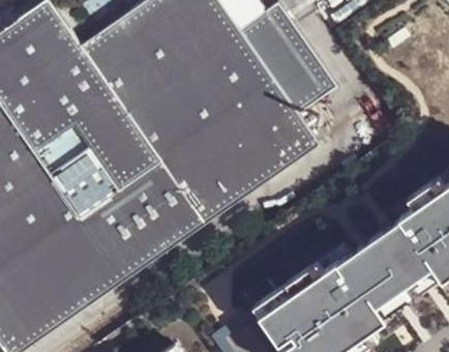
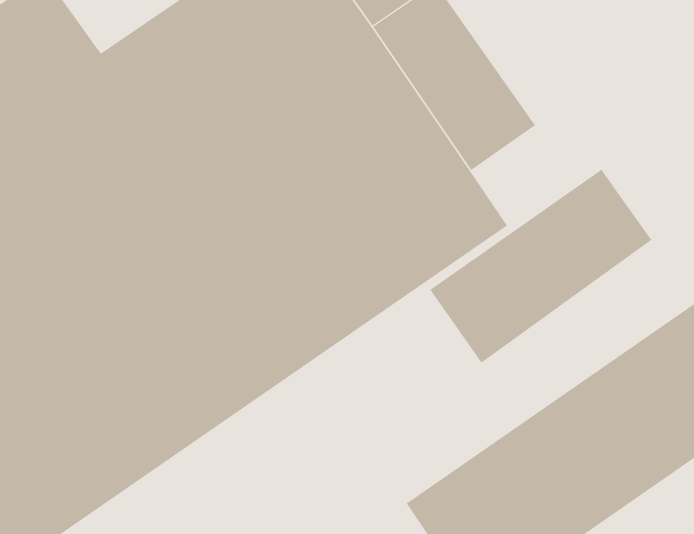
building: none -> [429,169,652,363]

